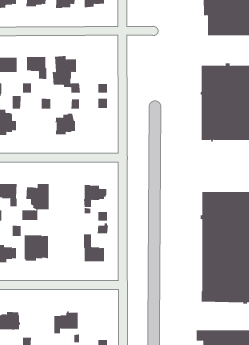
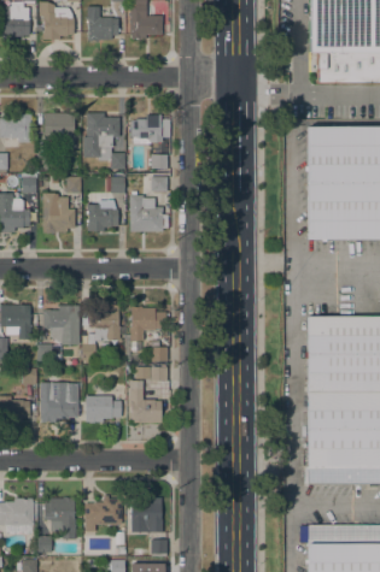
building: none -> [130,114,162,143]
building: none -> [129,195,168,231]
building: none -> [42,197,74,232]
building: none -> [81,305,119,364]
building: none -> [84,387,123,423]
building: none -> [43,496,75,539]
building: none -> [130,497,163,533]

